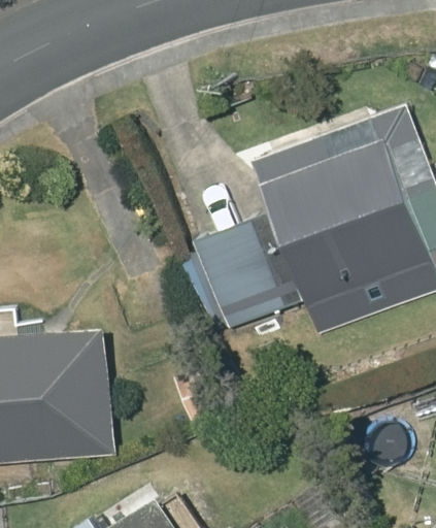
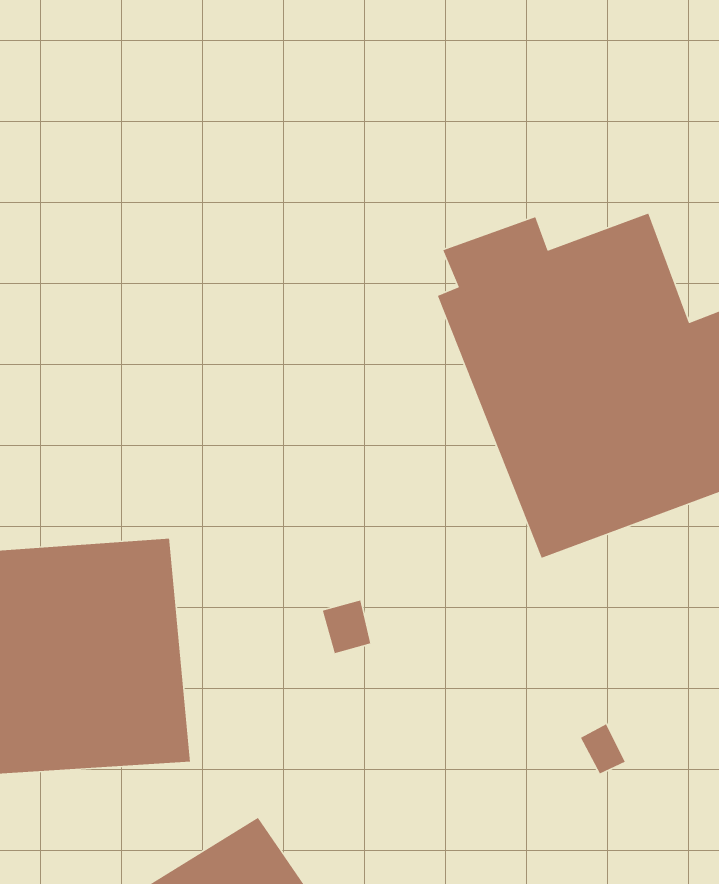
building: [194,218,284,329] -> none

